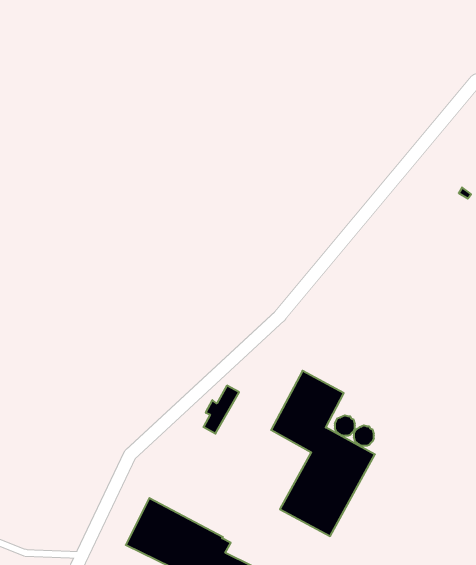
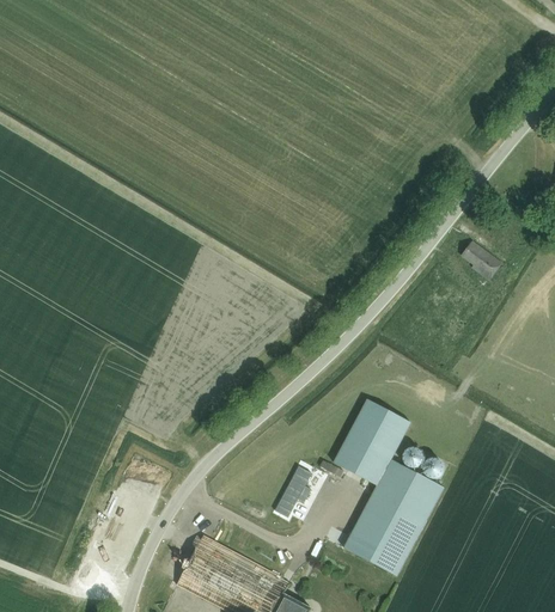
building: none -> [462,241,500,280]
building: [203,386,239,434] -> [285,460,323,512]

